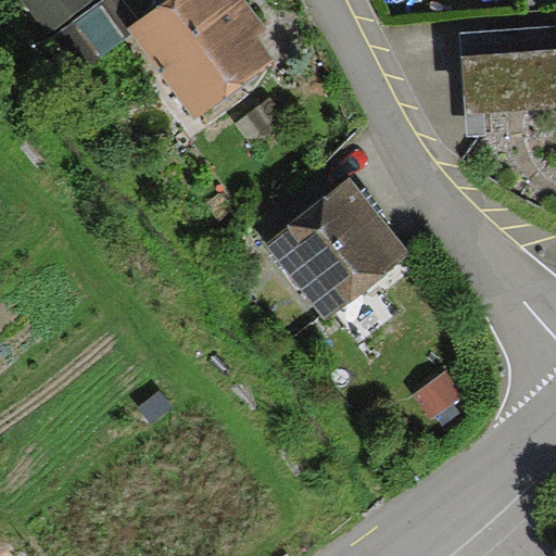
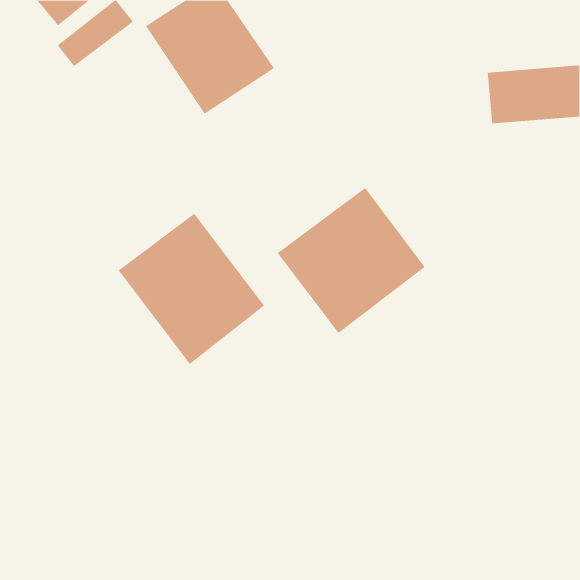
building: none -> [118,213,265,365]

